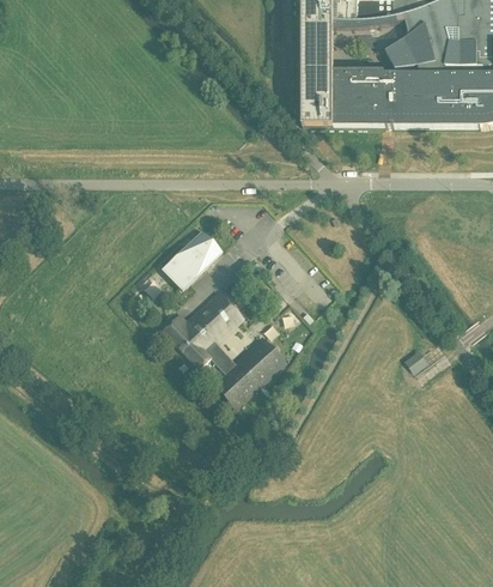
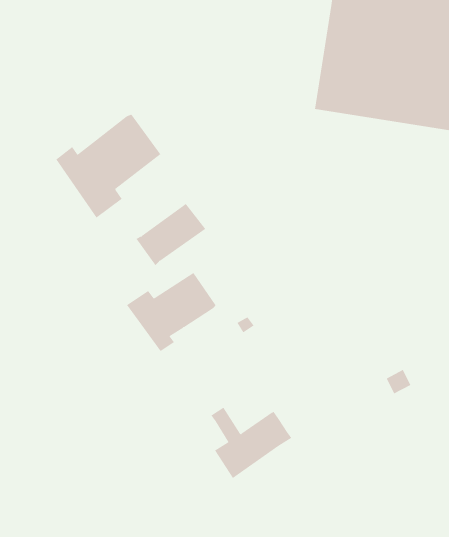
building: none -> [55,114,161,219]
building: [208,338,285,405] -> [211,407,292,479]

